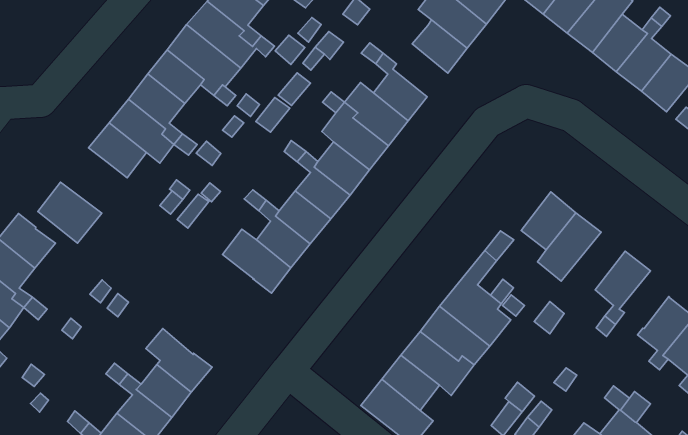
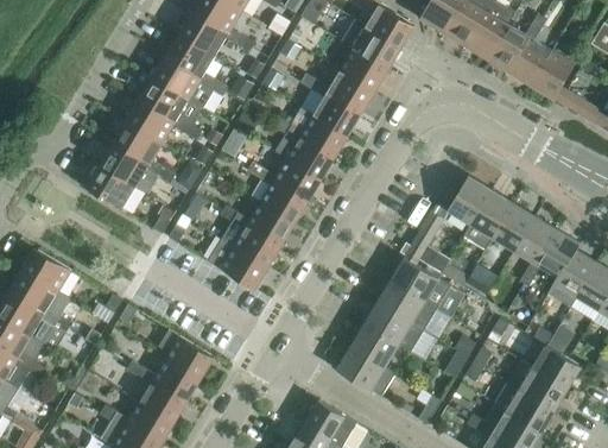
building: none -> [327,70,372,112]
building: [38,182,102,243] -> none
building: none -> [492,203,534,251]
building: none -> [536,229,580,277]

